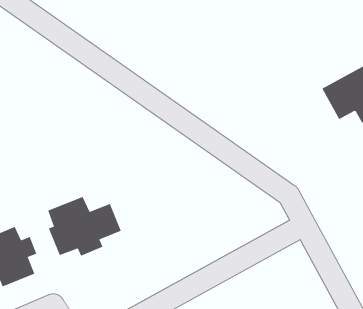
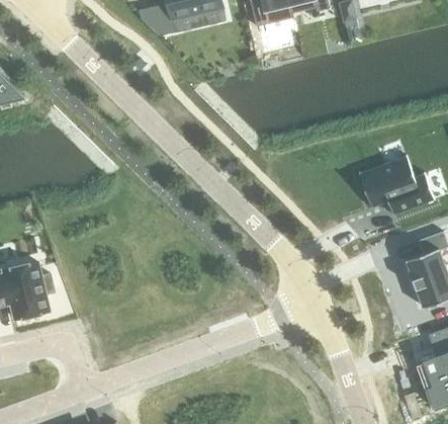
building: [48,196,121,257] -> none

